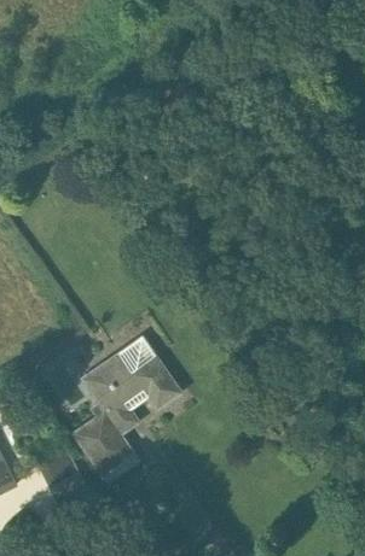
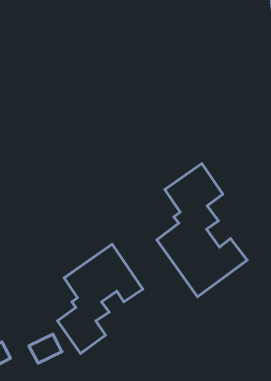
building: none -> [157,164,247,297]

